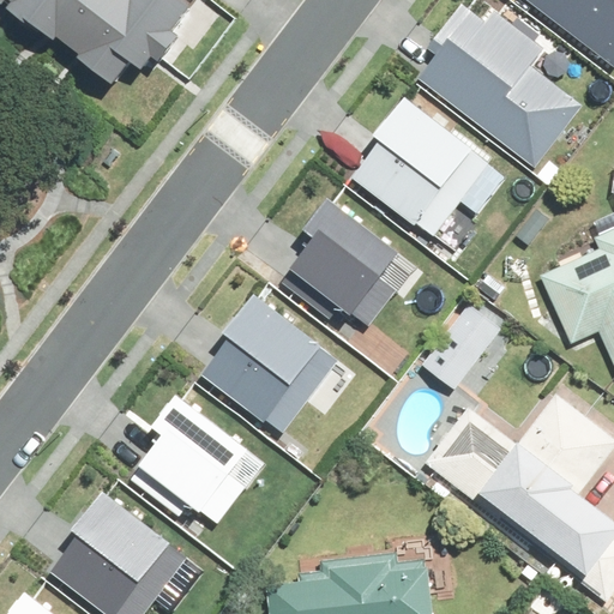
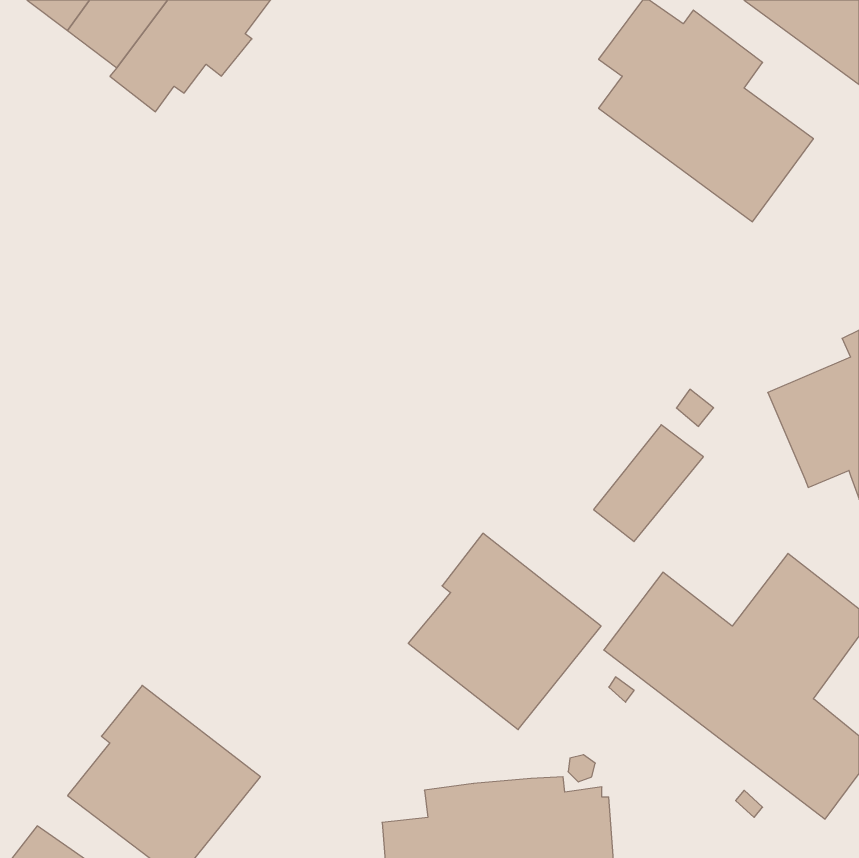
building: [350,100,487,237] -> none
building: [294,197,403,327] -> none
building: [200,295,337,434] -> [408,533,601,730]
building: [133,391,271,522] -> none

